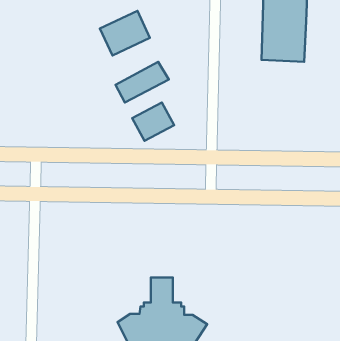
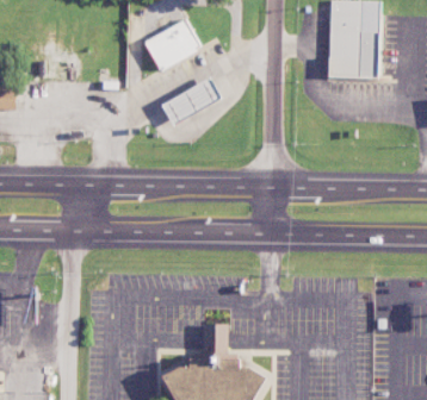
building: [132,102,174,141] -> none

